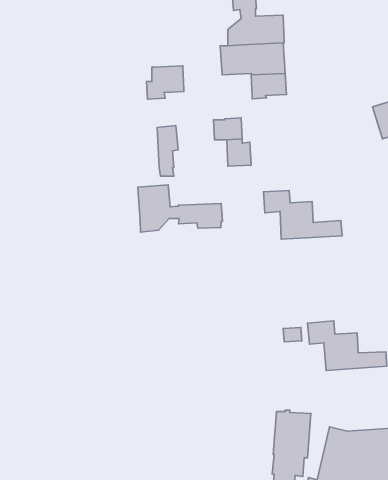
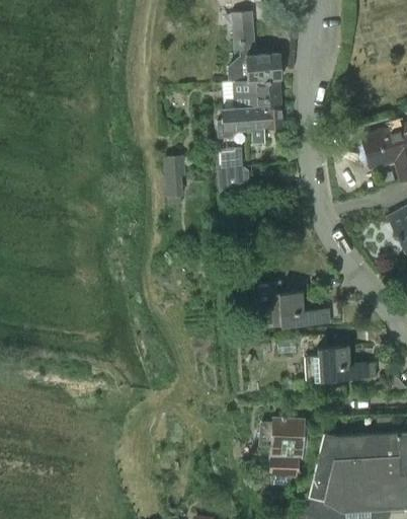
building: [146,66,184,99] -> [218,108,252,139]
building: [138,185,223,232] -> none
building: [264,191,342,239] -> [258,282,330,326]

